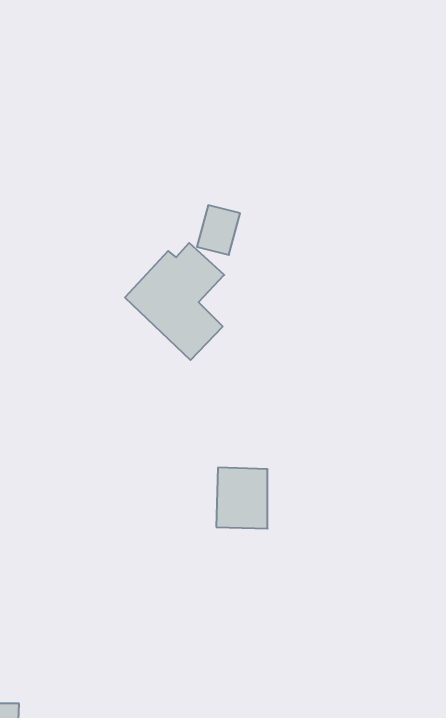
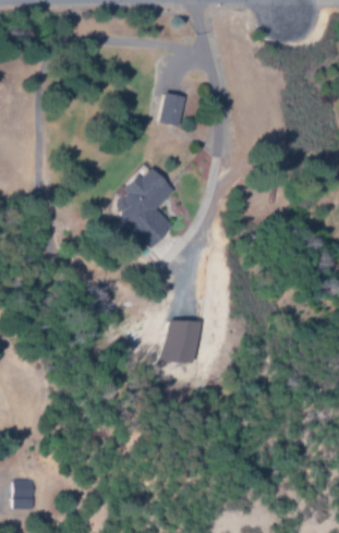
building: [197,205,240,255] -> [158,92,187,125]

